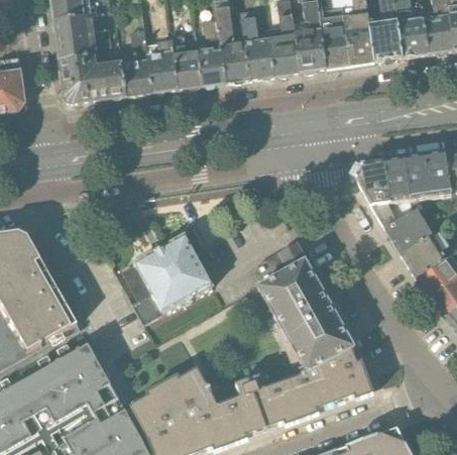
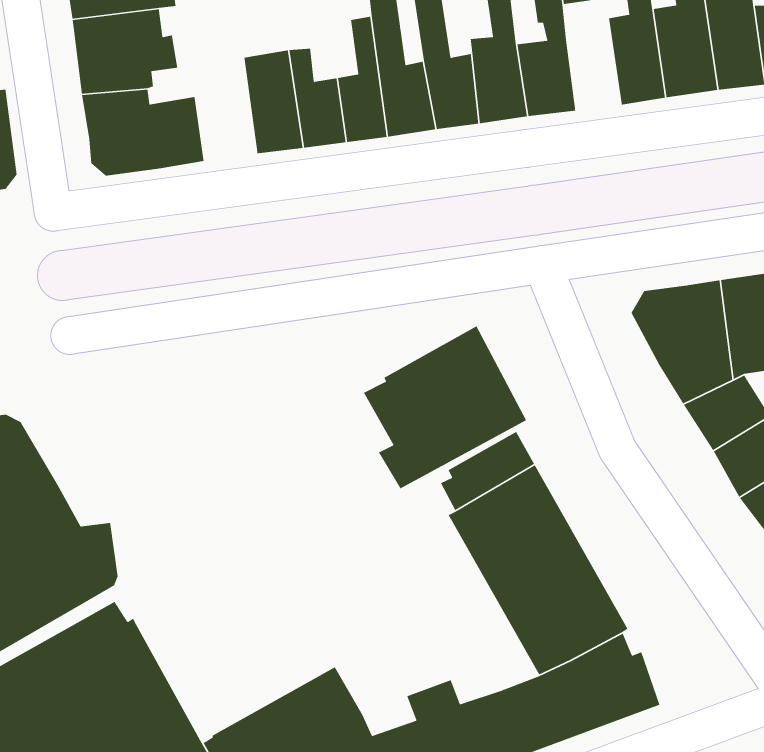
building: [322,18,351,69] -> none
building: [120,28,154,96] -> none
building: [123,234,212,323] -> [363,325,527,490]

